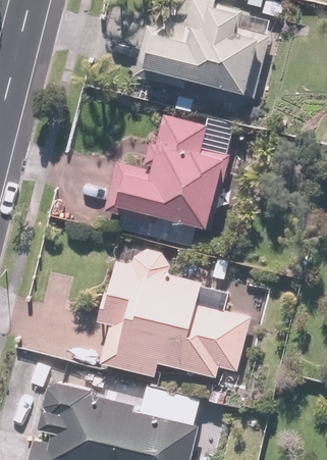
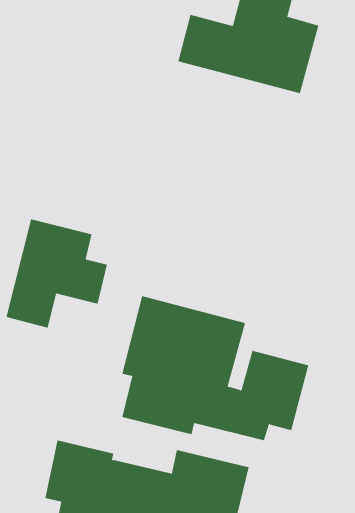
building: [108,116,223,225] -> none
building: none -> [6,219,107,328]

